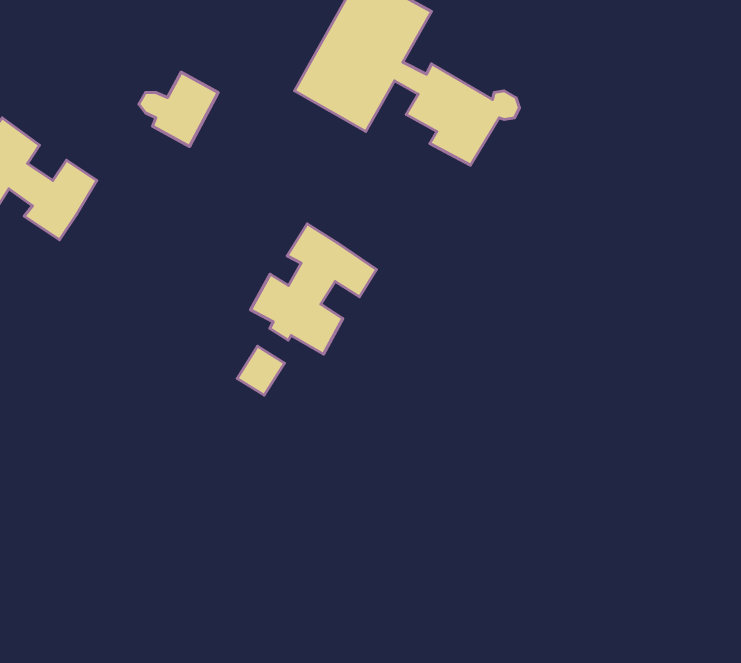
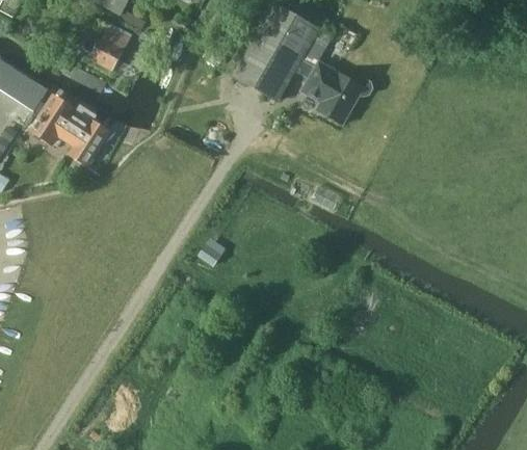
building: [139,72,218,147] -> [81,25,130,71]
building: [251,224,377,354] -> none

